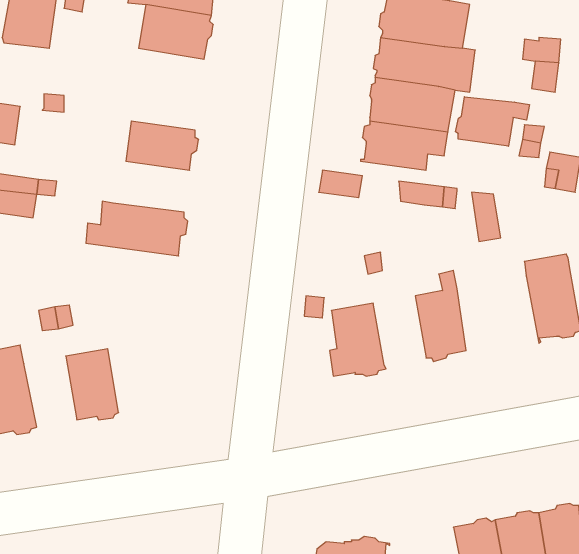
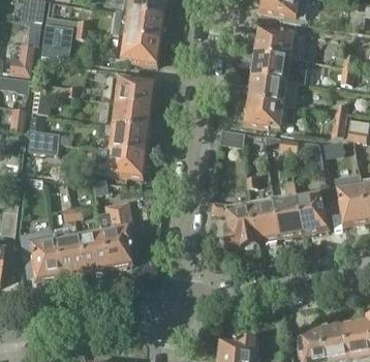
building: none -> [114,78,154,107]
building: [455,97,529,146] -> none
building: none -> [97,123,148,153]
building: none -> [299,192,329,233]
building: none -> [251,201,281,240]
building: none -> [97,210,131,267]
building: none -> [51,224,83,276]

